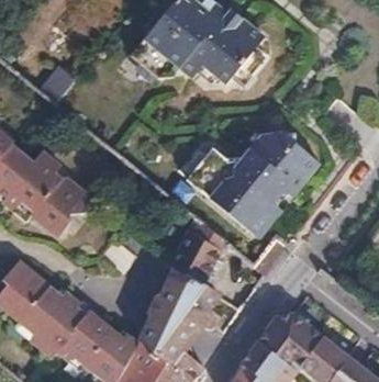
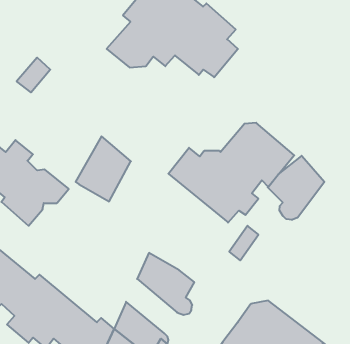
building: none -> [268,156,324,220]
building: [169,215,225,281] -> [76,136,131,201]
building: [149,290,201,345] -> none

